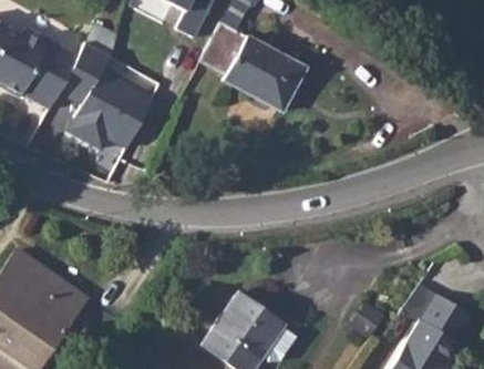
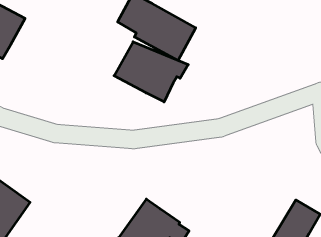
building: [61,42,157,147] -> none
building: none -> [114,42,188,102]

